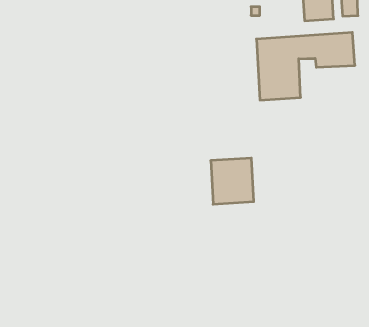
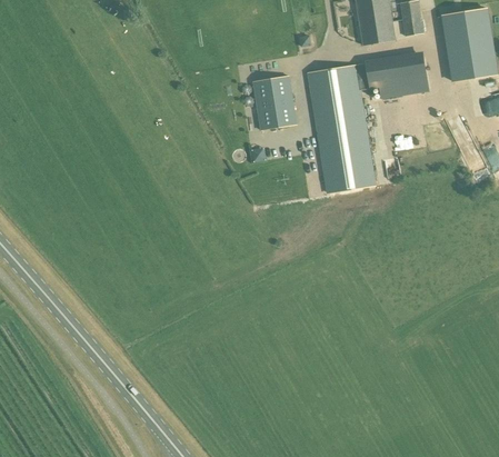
building: none -> [252,76,297,130]
building: [211,158,254,204] -> [319,135,373,192]

